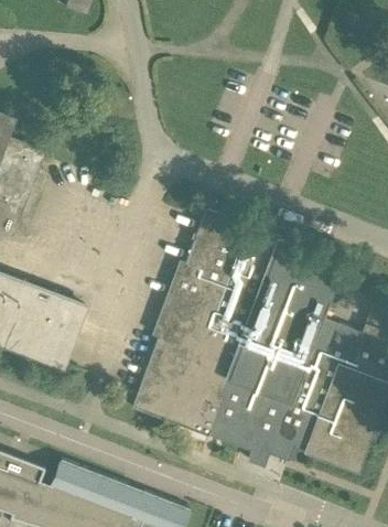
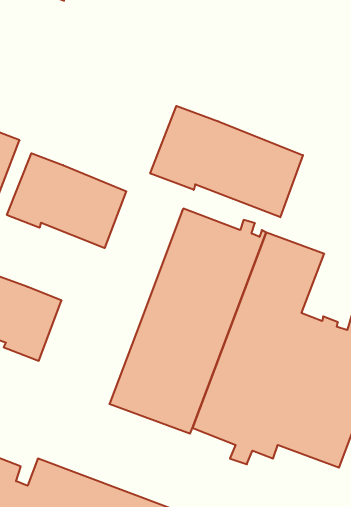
building: none -> [150,106,303,217]
building: none -> [7,153,126,248]

